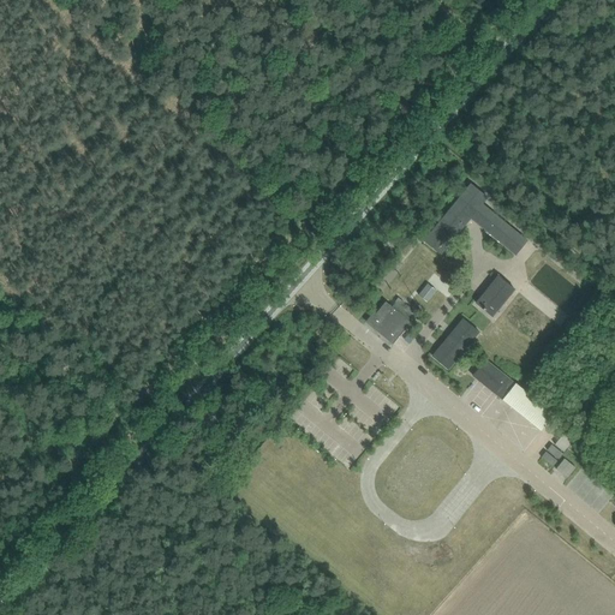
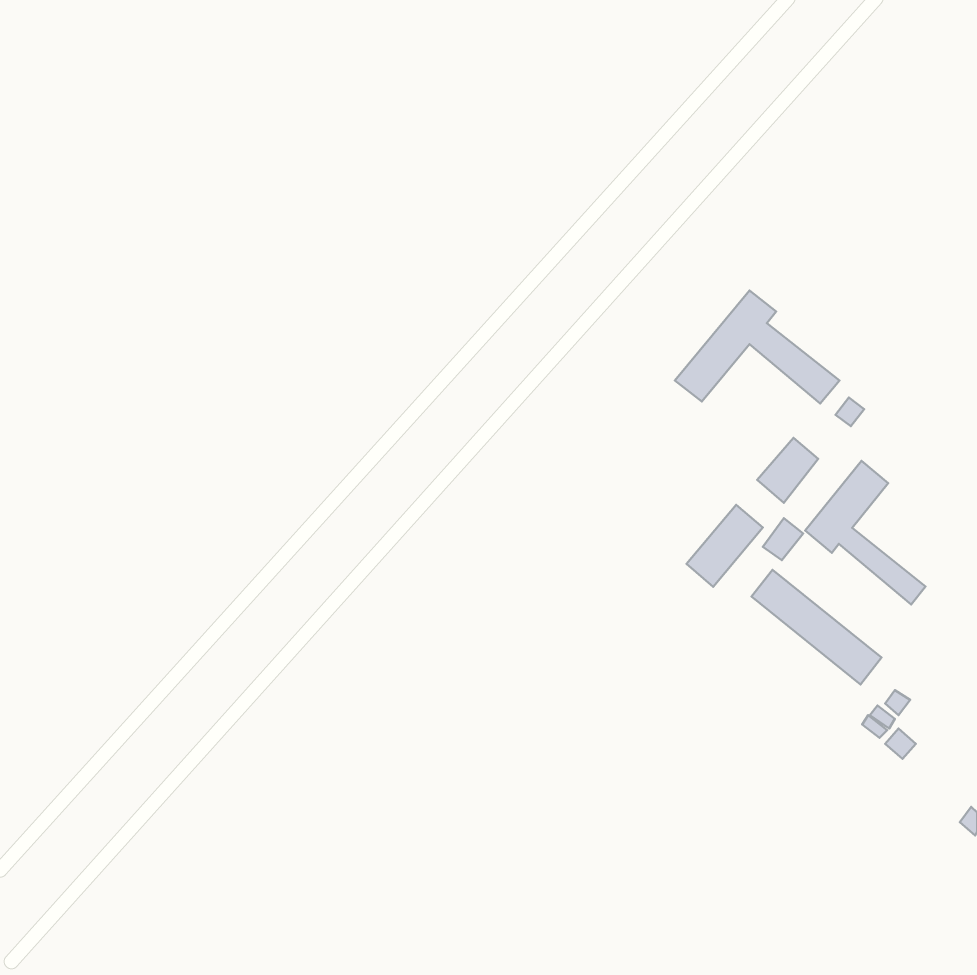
building: none -> [805,461,926,605]
building: [365,300,411,342] -> none

